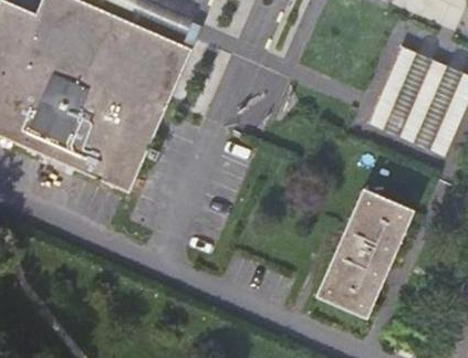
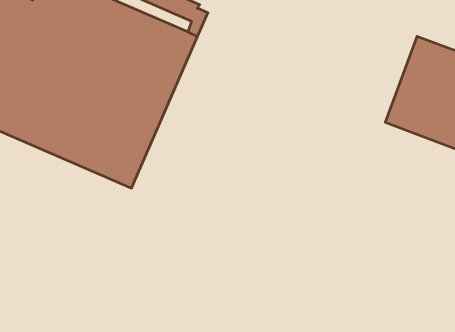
building: [316,188,414,316] -> none

